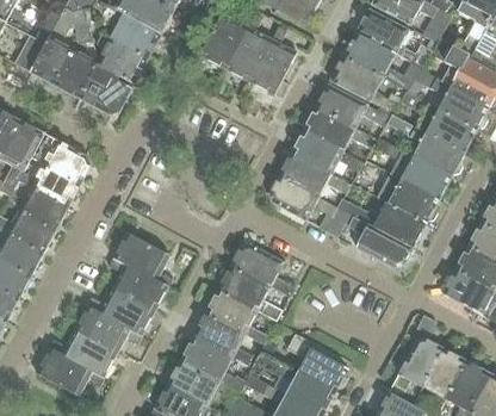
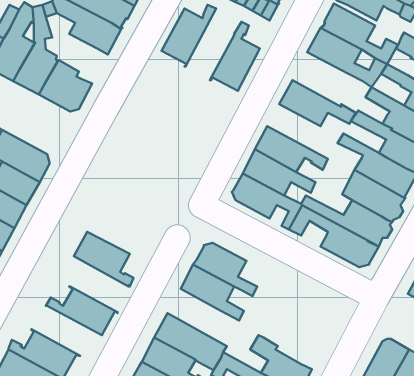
building: [223,14,271,85] -> none
building: [95,35,147,85] -> none
building: [329,57,405,117] -> none
building: [303,108,376,151] -> none
building: [107,257,167,312] -> none
building: [205,290,268,346] -> none
building: [72,306,142,355] -> none

